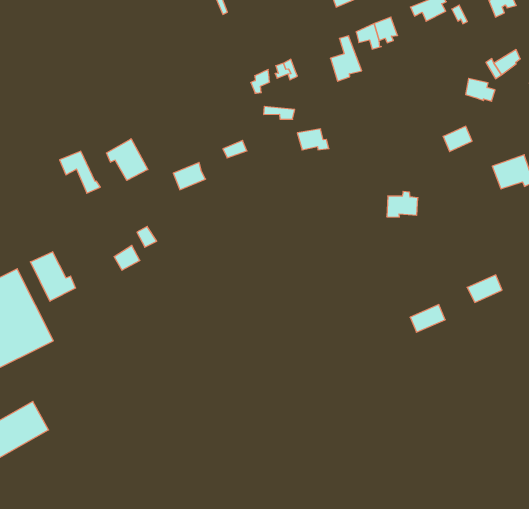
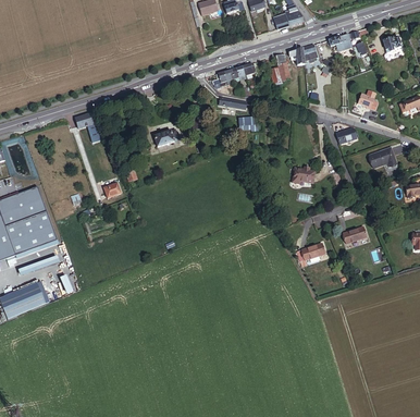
building: [106,139,148,180] -> none
building: [30,252,76,301] -> none

